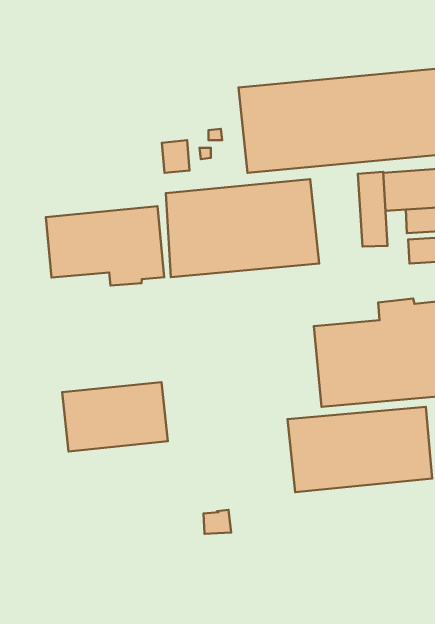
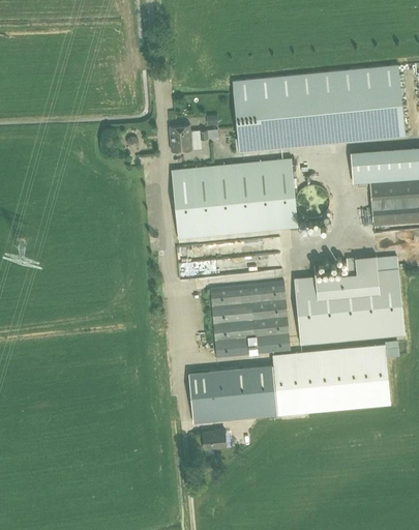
building: [358,172,388,246] -> none
building: [46,206,164,286] -> none
building: none -> [210,282,291,358]
building: [62,382,168,451] -> [188,366,275,423]

